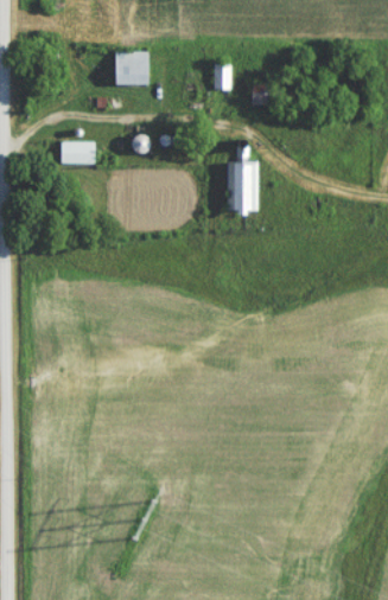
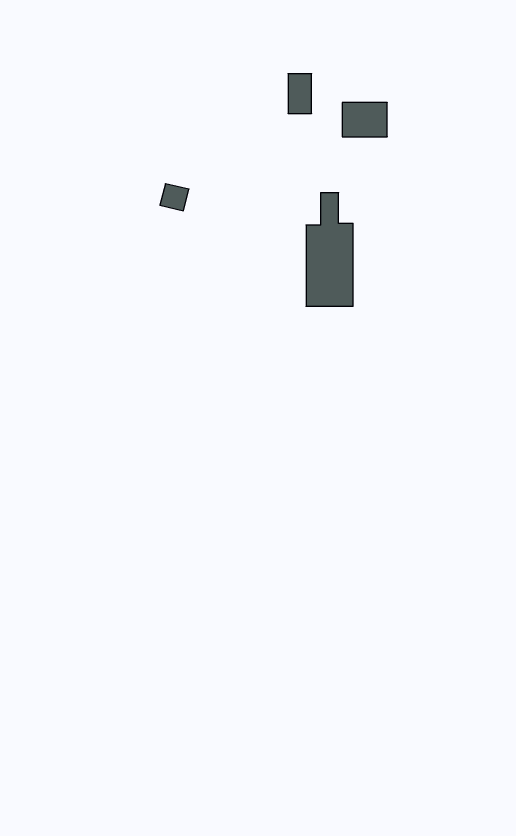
building: [116,51,151,85] -> none
building: [61,141,95,164] -> none

